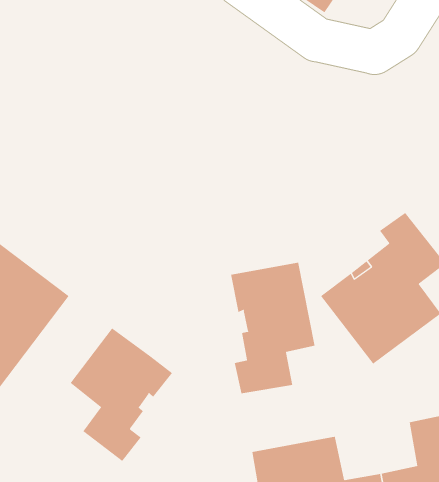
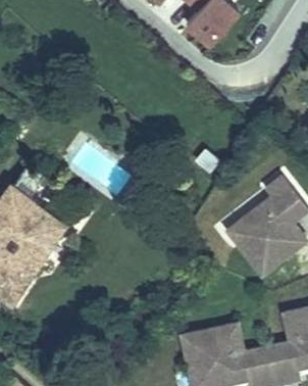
building: [231,262,315,394] -> none
building: [70,327,173,462] -> none

